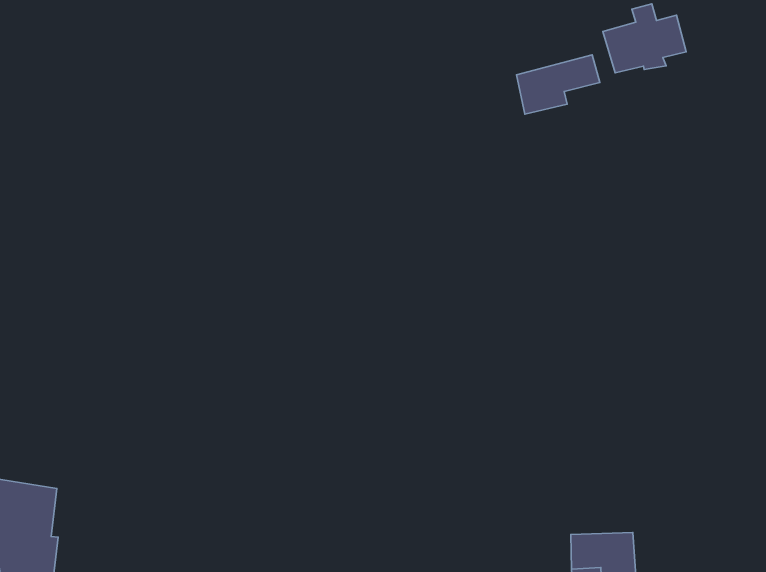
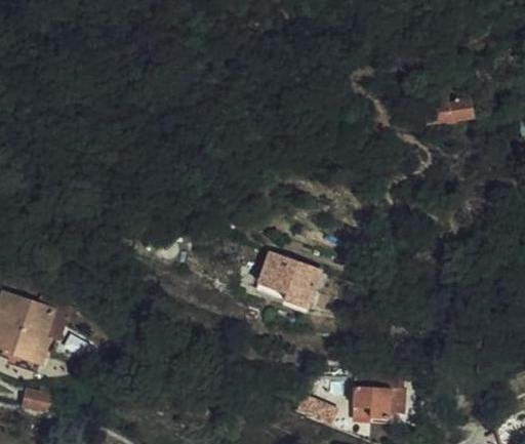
building: [516,55,600,114] -> none
building: none -> [256,253,320,309]

